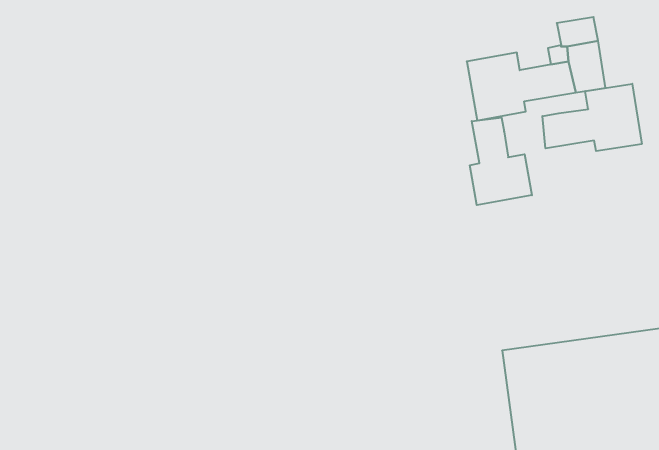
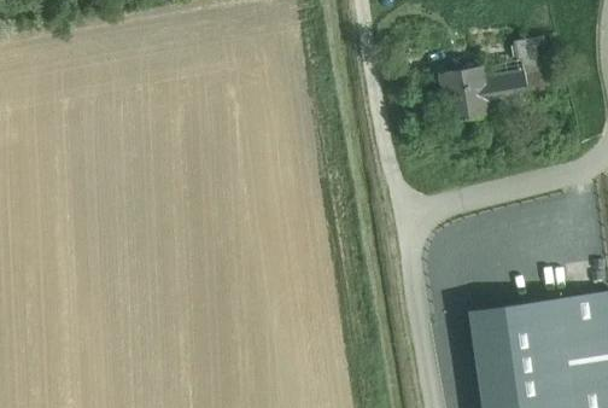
building: [542,84,642,151] -> none
building: [470,117,532,205] -> none

